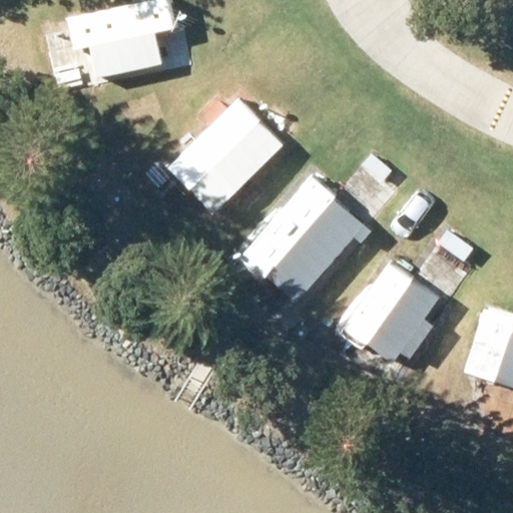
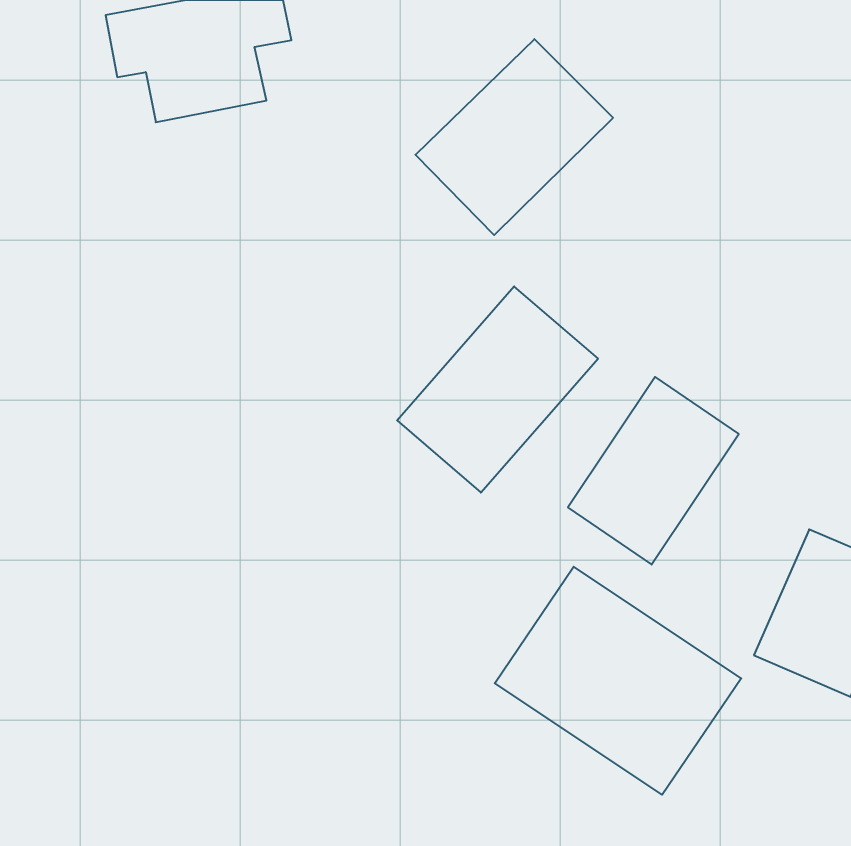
building: [167,99,286,216] -> [415,39,613,235]
building: none -> [495,567,741,795]

